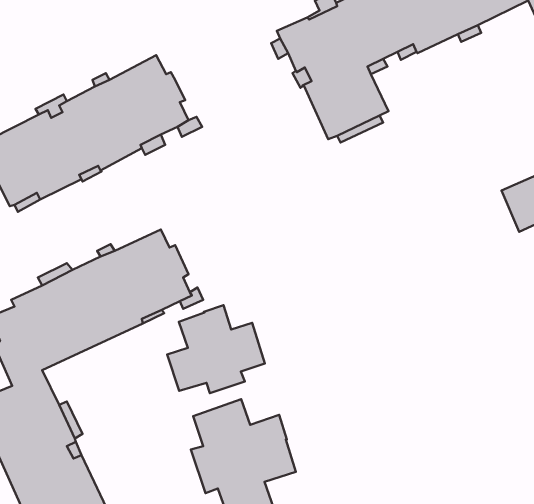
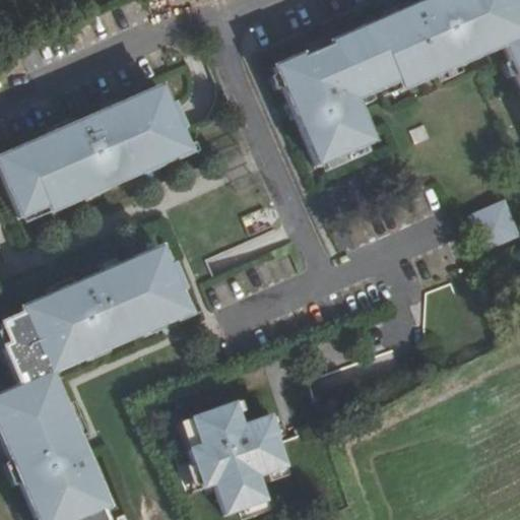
building: [167,305,265,393] -> none

